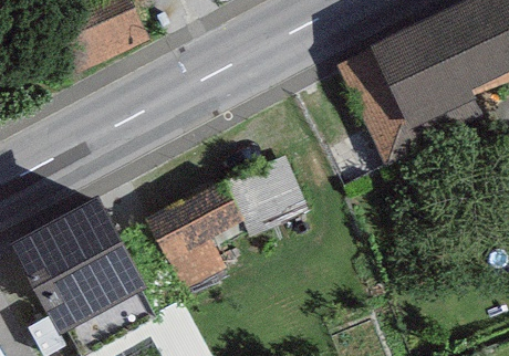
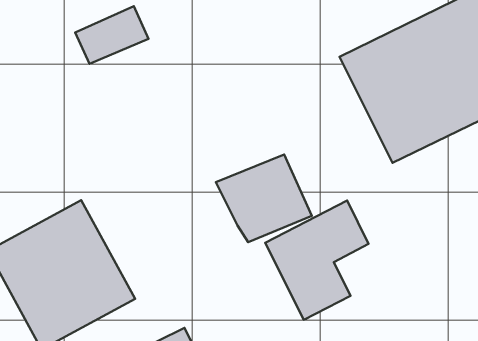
building: [146,179,241,289] -> [265,201,369,320]

